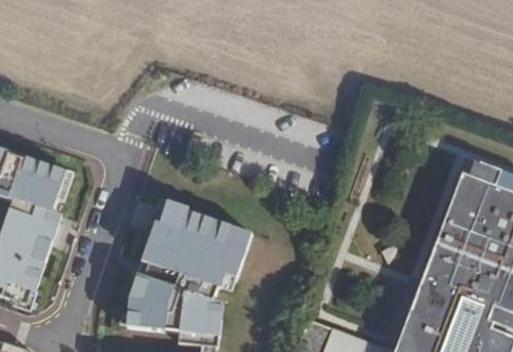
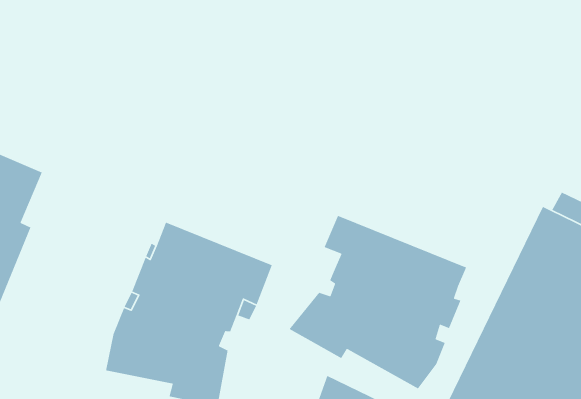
building: none -> [289,215,467,389]

